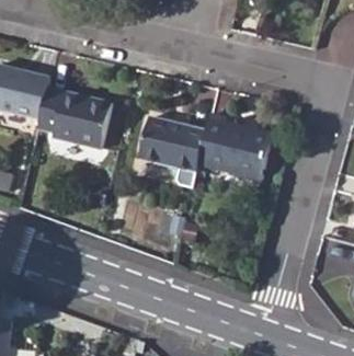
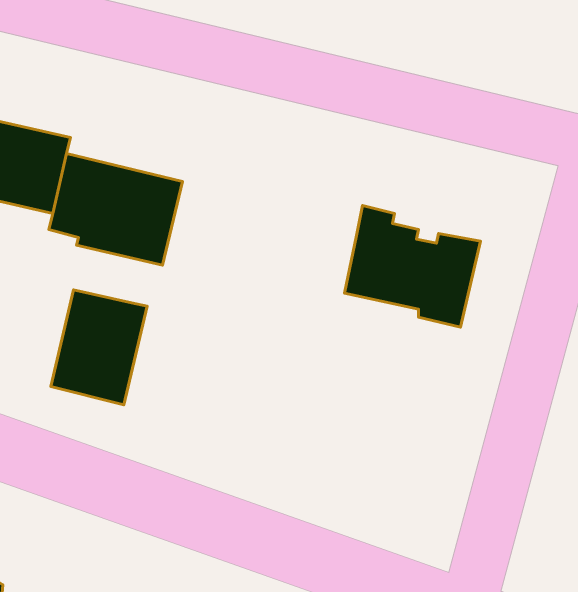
building: [139,118,205,173] -> none
building: none -> [51,290,147,405]

